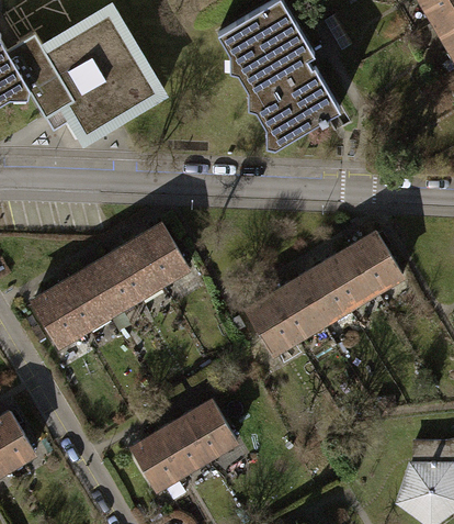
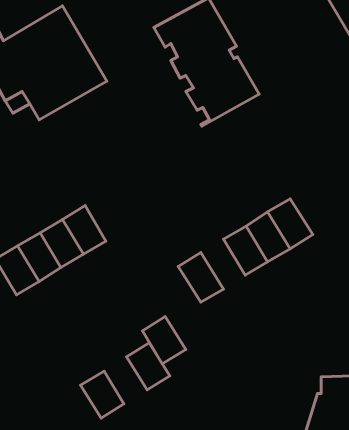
building: [137,226,188,283] -> none
building: [272,281,324,339] -> none
building: [159,419,209,473] -> [143,317,186,364]

